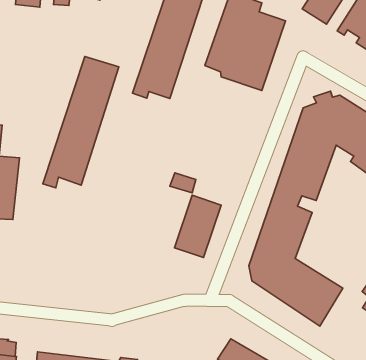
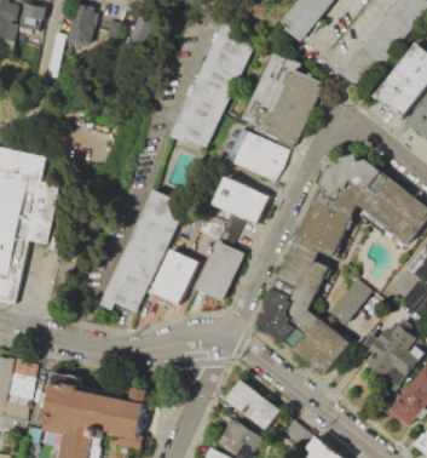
building: [43,56,119,188] -> [99,188,183,310]
building: none -> [225,125,290,182]
building: none -> [212,177,269,223]
building: none -> [150,248,198,305]
building: none -> [330,277,371,322]

